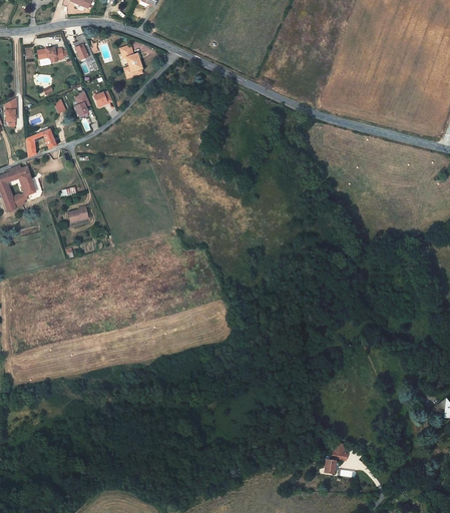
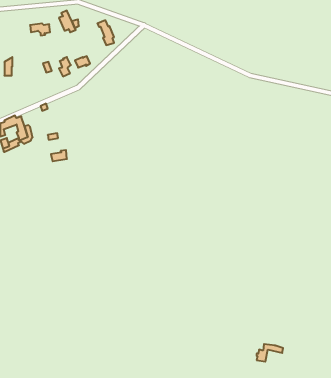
building: [26,128,56,156] -> none

